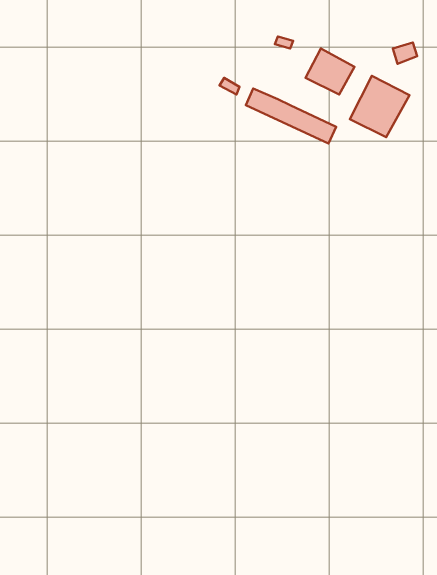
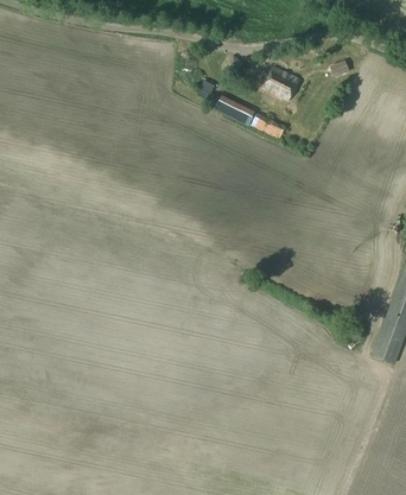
building: [350,76,409,137] -> none

